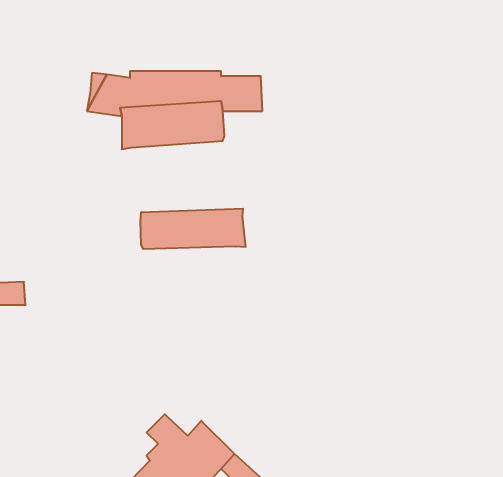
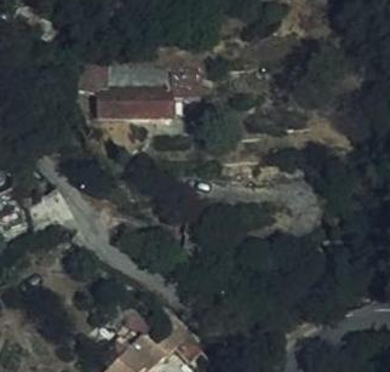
building: [140,209,245,249] -> none

